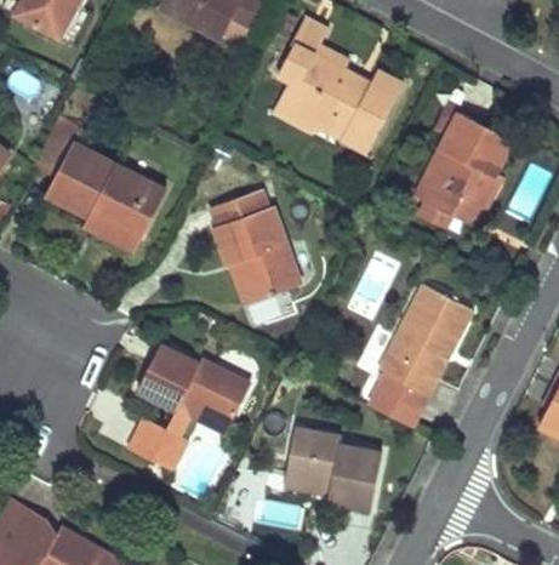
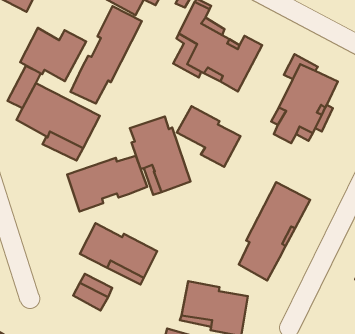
building: none -> [70,6,142,103]
building: none -> [20,28,86,81]
building: none -> [177,106,241,167]
building: none -> [67,156,147,212]

